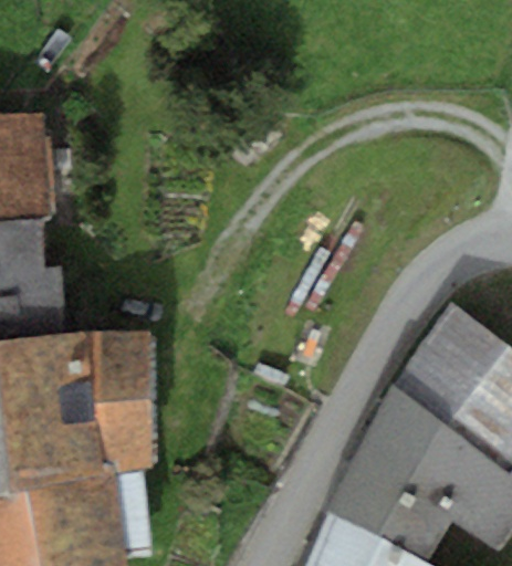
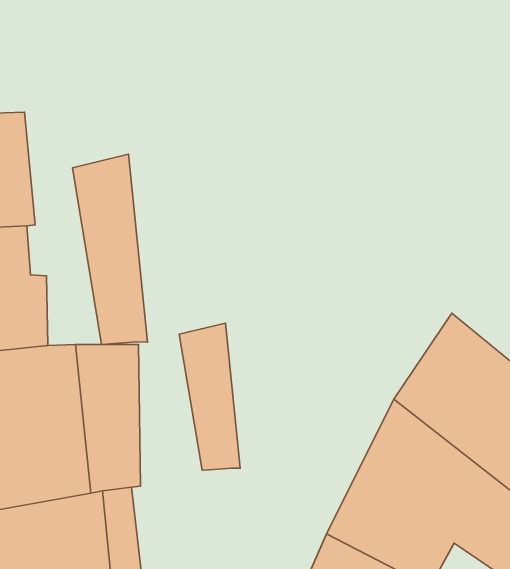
building: none -> [72,154,148,344]
building: none -> [179,323,240,470]

